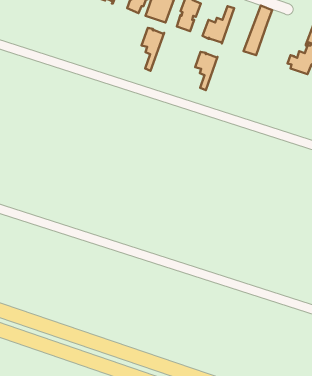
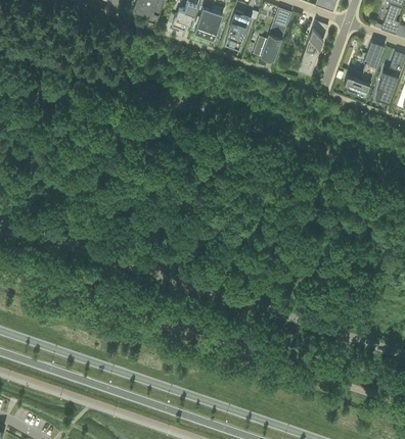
building: [141,28,164,71] -> none
building: [195,52,217,90] -> none

